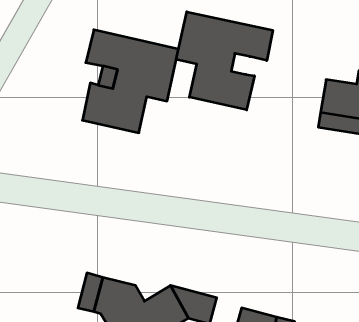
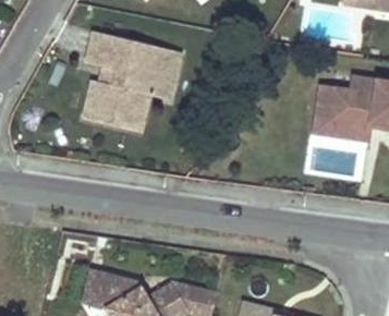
building: [176,12,273,110] -> none

